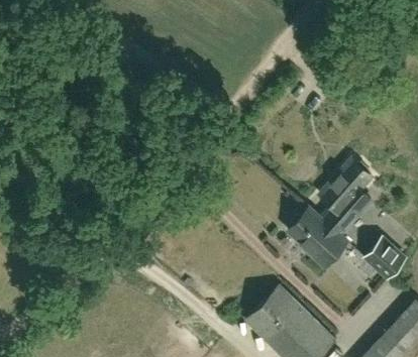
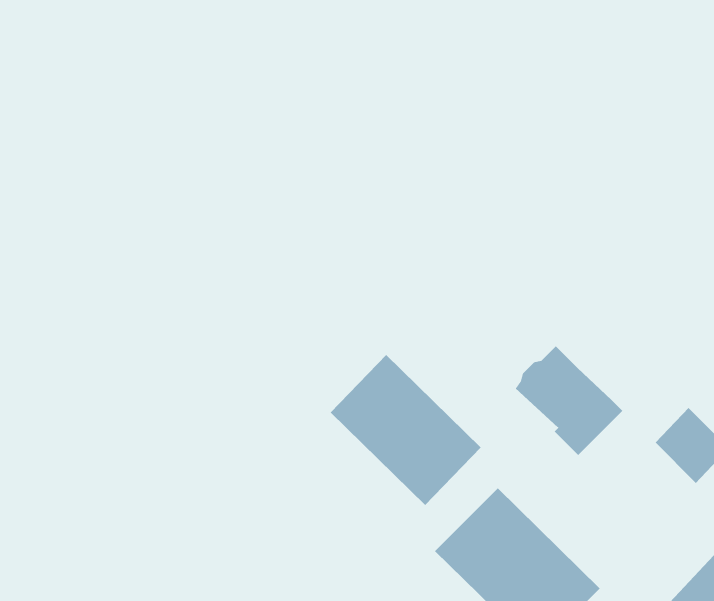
building: [321,162,374,237] -> none
building: none -> [330,354,481,506]

